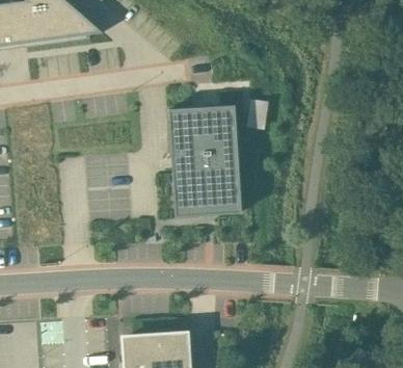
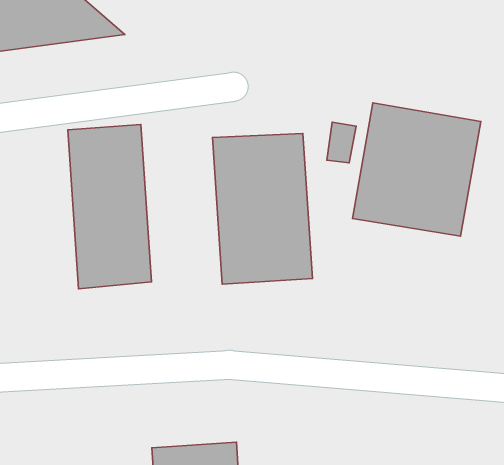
building: none -> [353,103,481,236]
building: none -> [68,125,152,289]

